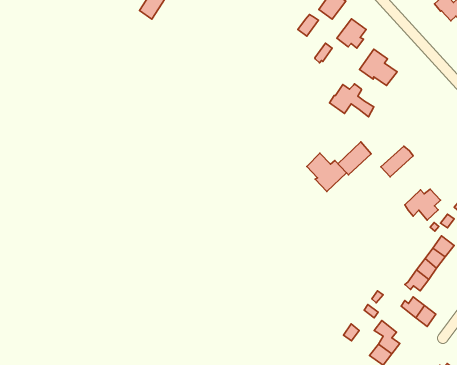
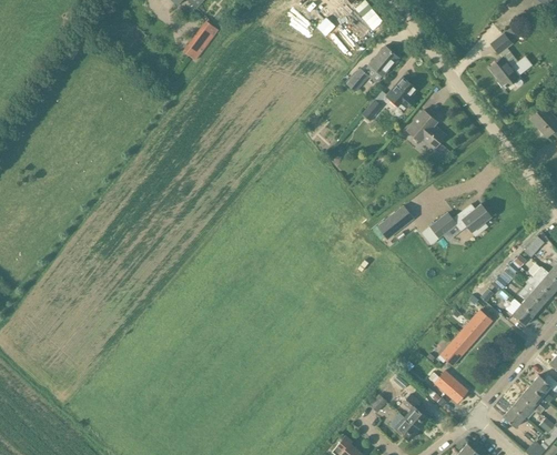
building: [330,84,374,117] -> none
building: [307,153,347,191] -> none
building: [405,189,441,220] -> [453,204,490,236]

